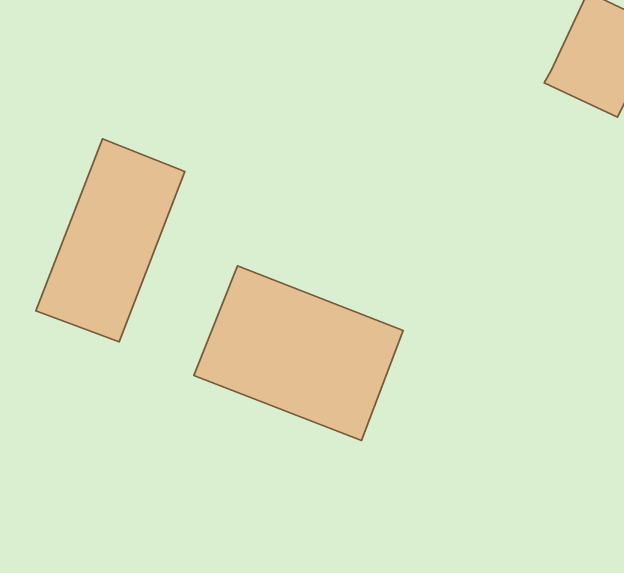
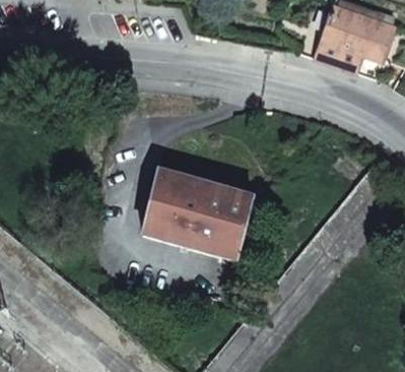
building: [36,139,185,342] -> none

